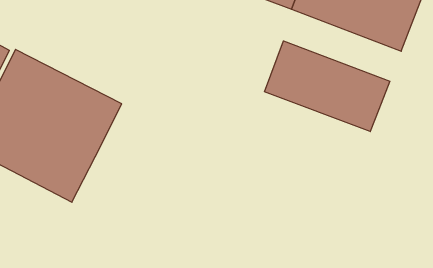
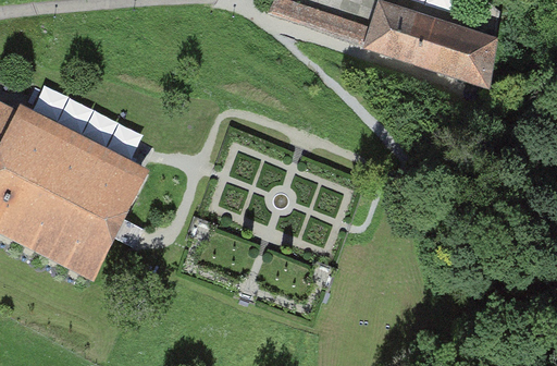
building: [265,41,390,132] -> none

